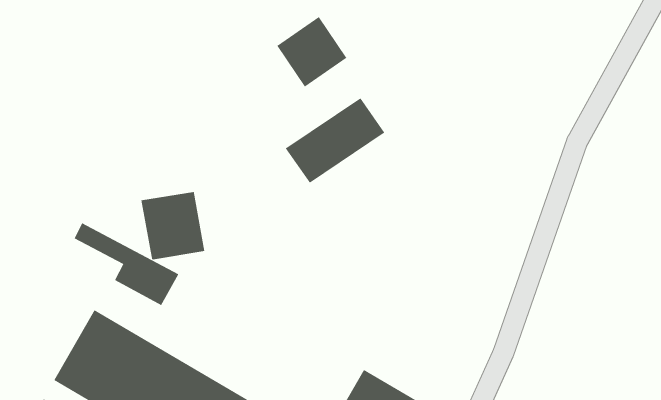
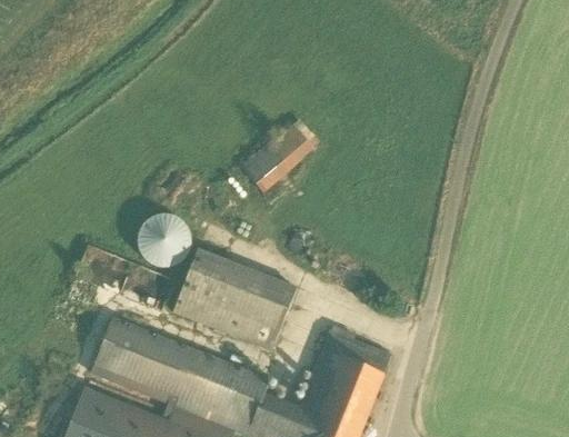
building: [276,16,347,88] -> none
building: none -> [172,249,297,350]

